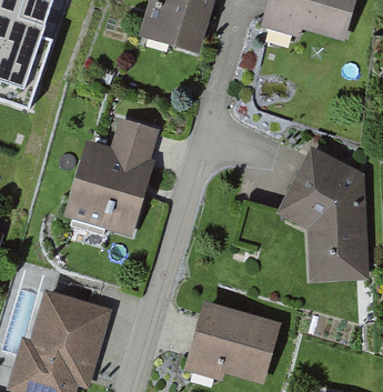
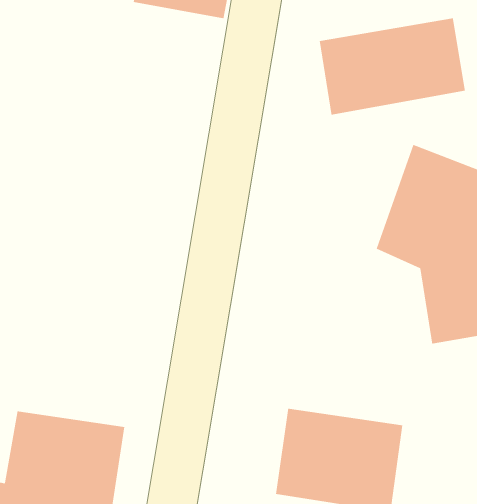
building: none -> [319,18,465,115]
building: [70,122,160,237] -> none

